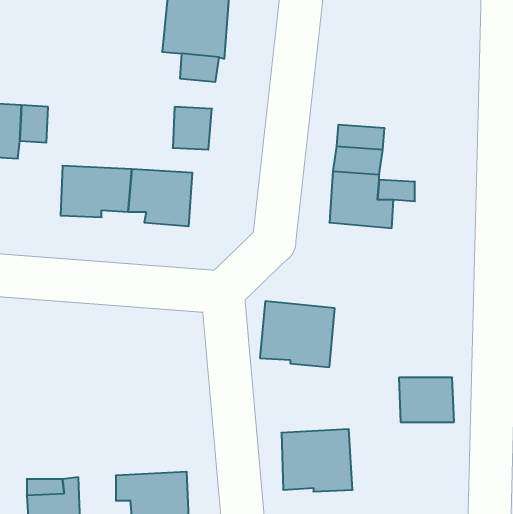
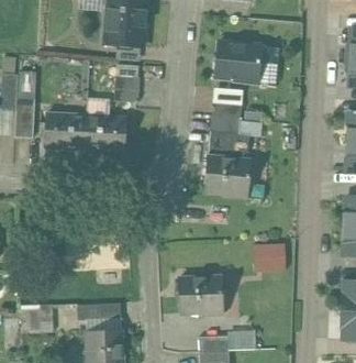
building: none -> [215,41,260,83]
building: none -> [15,97,34,136]
building: [260,301,335,367] -> [204,155,251,196]

